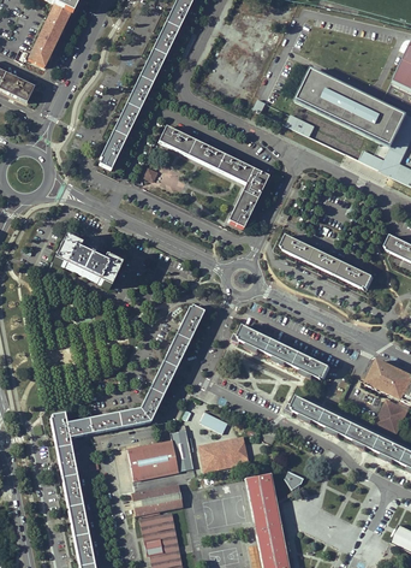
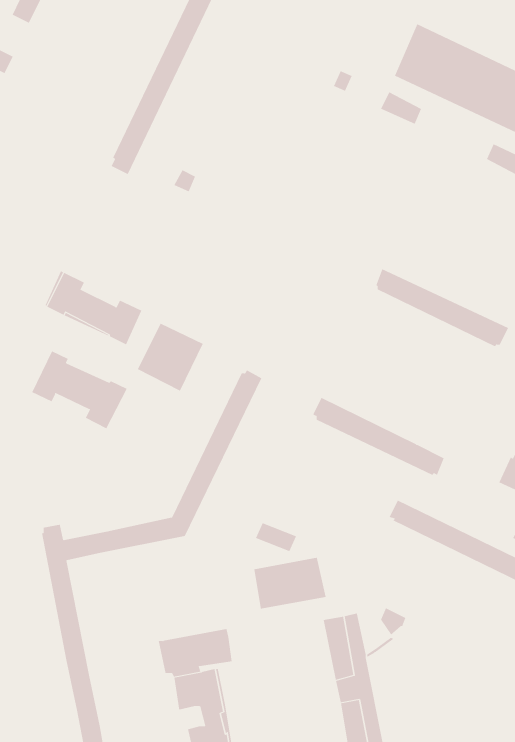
building: [157,126,268,227] -> none
building: none -> [137,323,204,392]
building: none -> [32,351,127,429]
building: [127,428,193,479] -> none

